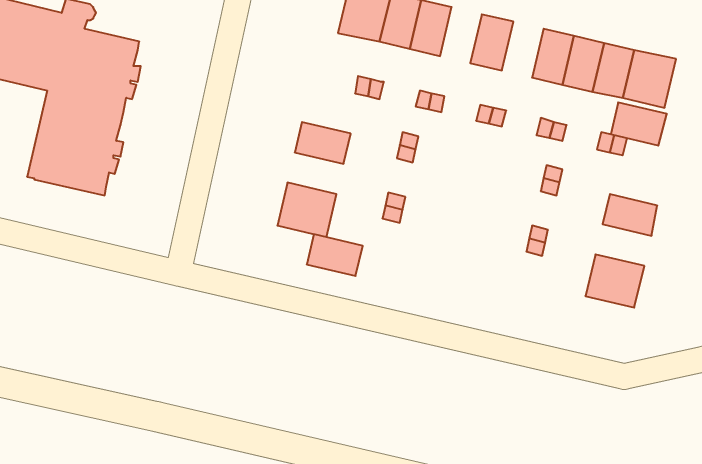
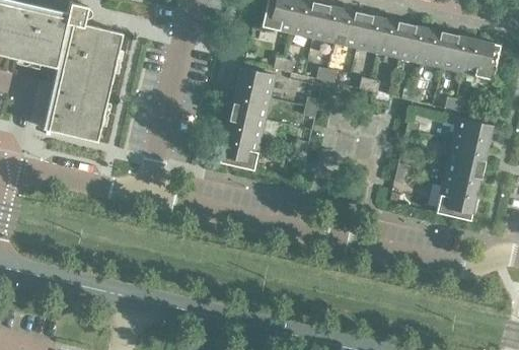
building: none -> [332,8,362,48]
building: none -> [376,18,405,58]
building: none -> [235,67,275,97]
building: [611,102,667,146] -> [452,118,492,148]
building: none -> [442,161,481,191]
building: [307,234,363,276] -> [225,111,265,140]

